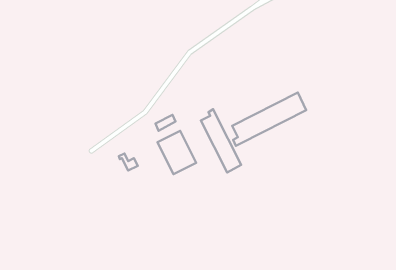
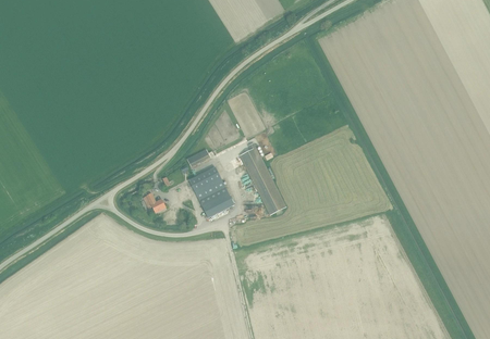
building: [232,93,306,146] -> none

